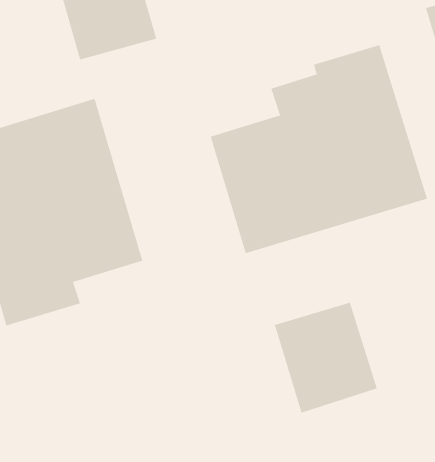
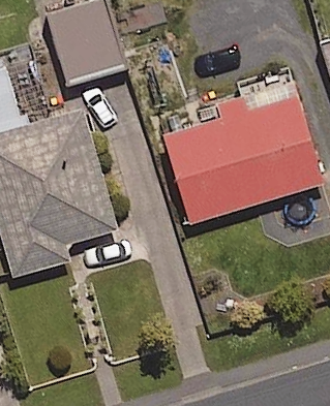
building: [274,302,378,413] -> none

